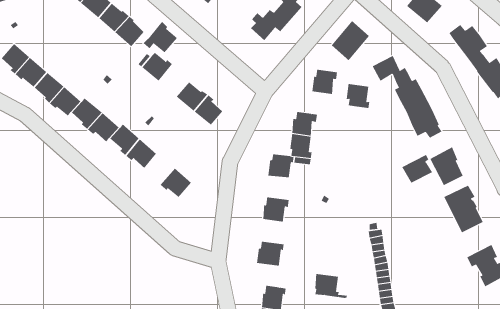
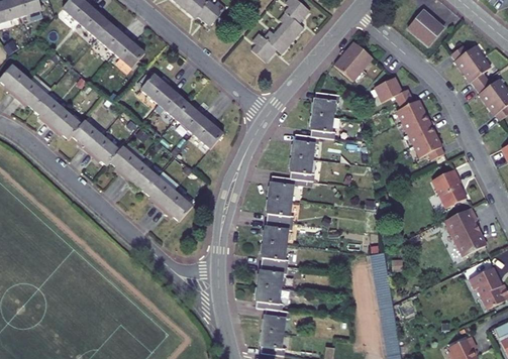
building: [143,21,178,53] -> [155,86,190,118]
building: [346,83,370,109] -> [311,113,335,138]
building: none -> [145,175,176,207]
building: [401,154,433,183] -> none
building: none -> [267,198,292,222]
building: none -> [262,241,287,266]
building: [315,273,348,298] -> [257,285,290,311]

